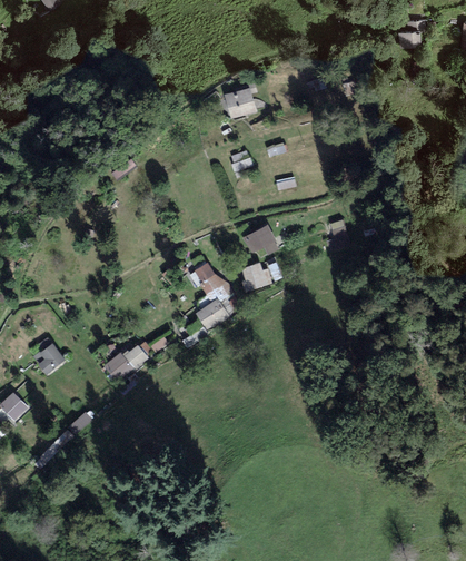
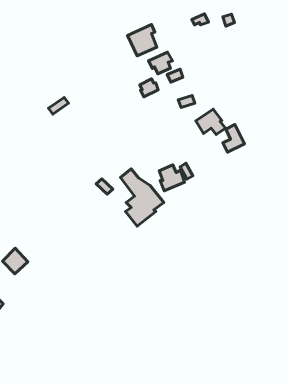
building: none -> [149,52,172,74]
building: [244,224,279,256] -> [196,109,225,135]
building: [101,344,155,386] -> none

